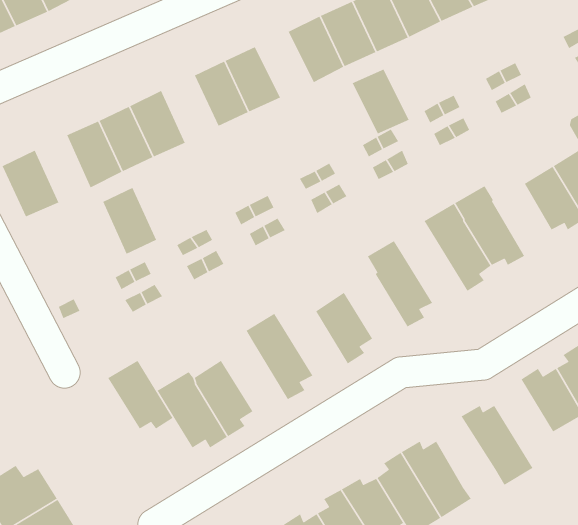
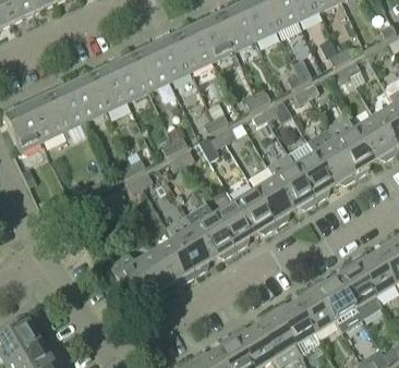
building: [352,68,410,135] -> [173,26,213,71]
building: none -> [110,56,148,101]
building: none -> [328,118,373,177]
building: [102,187,157,255] -> [25,96,62,142]
building: none -> [267,154,316,209]
building: none -> [233,189,276,233]
building: none -> [193,214,235,258]
building: [107,360,174,429] -> [150,235,195,282]
building: none -> [335,260,382,320]
building: none -> [295,285,335,333]

